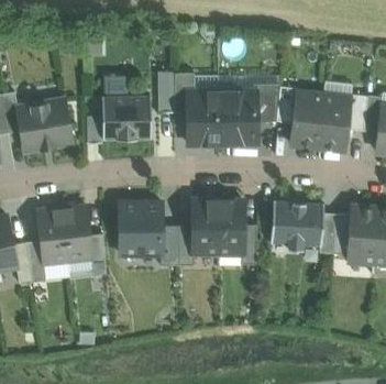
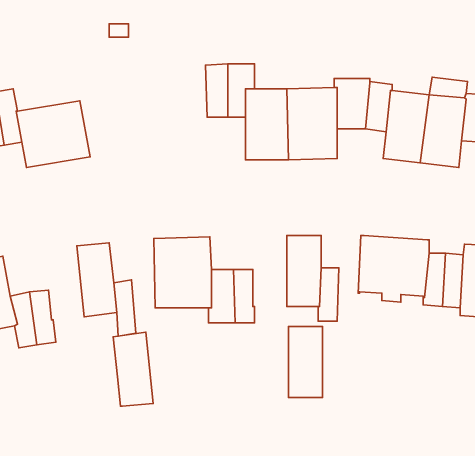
building: [101,96,151,139] -> none
building: [192,200,218,253] -> [289,327,323,398]
building: [37,208,67,263] -> [113,332,153,406]

